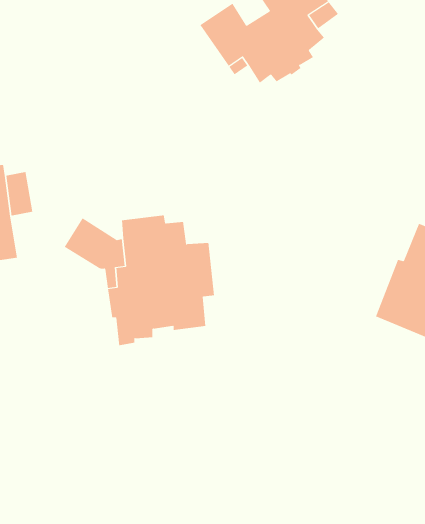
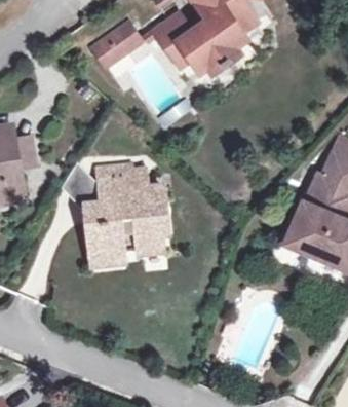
building: none -> [93,20,142,62]

